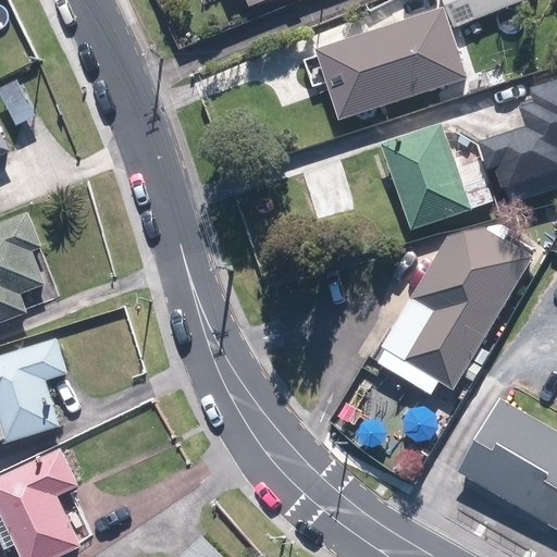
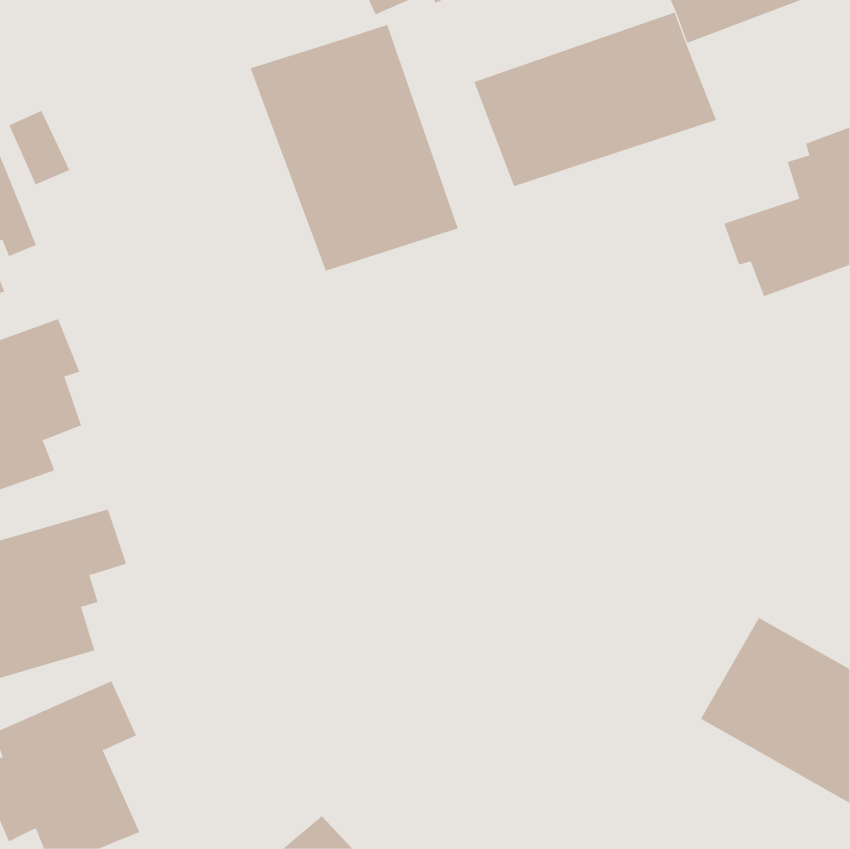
building: none -> [250,24,458,271]
building: [377,124,492,232] -> none
building: [377,228,531,393] -> none

